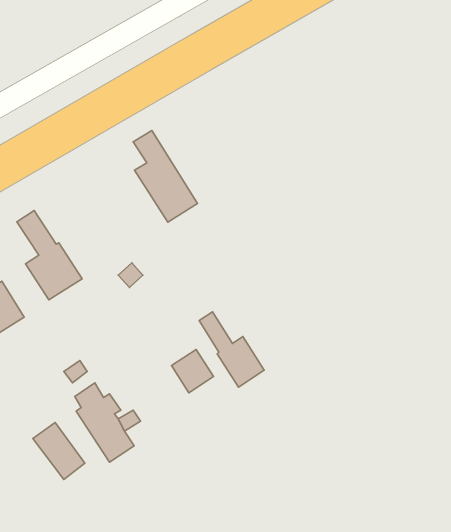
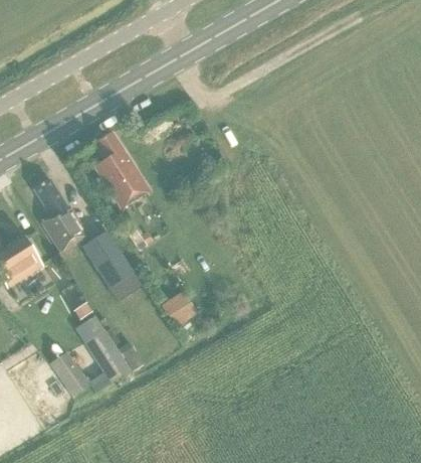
building: [133,131,198,222] -> [96,133,149,207]
building: none -> [81,230,134,288]
building: [199,312,264,387] -> none

